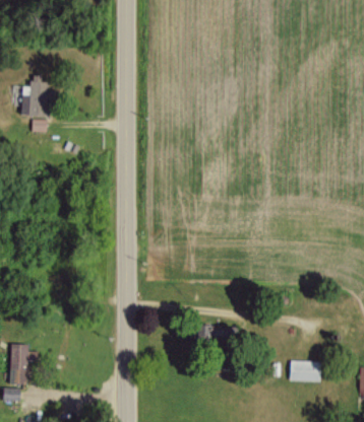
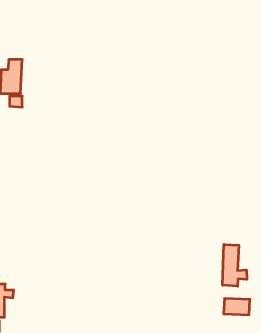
building: none -> [223,244,247,286]

